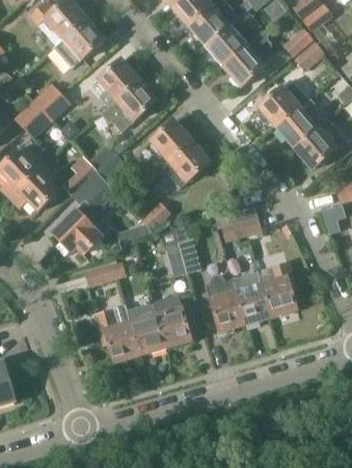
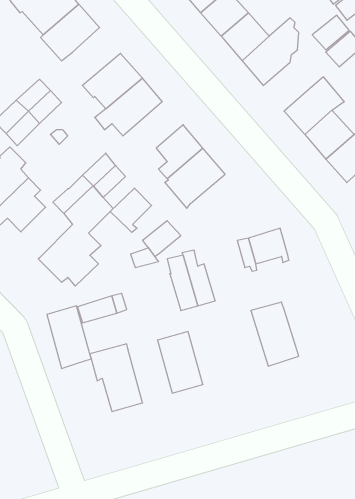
building: none -> [110,188,152,232]
building: [259,261,296,315] -> none
building: [206,275,245,331] -> none
building: [127,302,164,355] -> [47,306,91,369]

